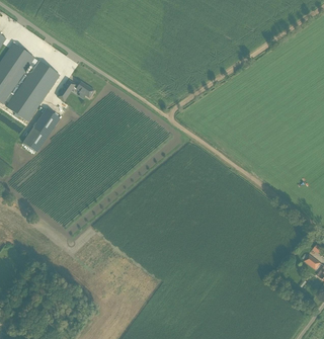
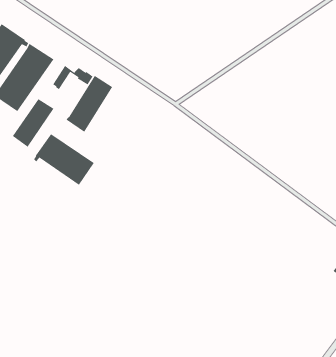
building: none -> [66,75,113,133]
building: none -> [33,133,95,186]

